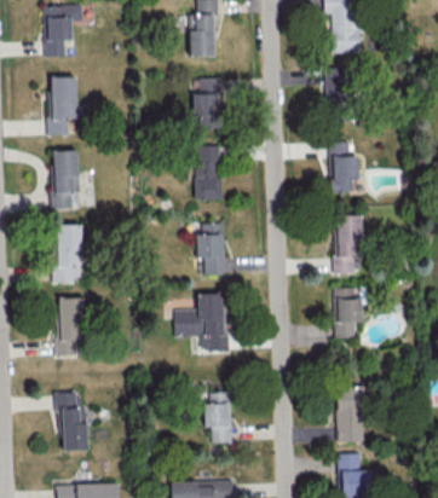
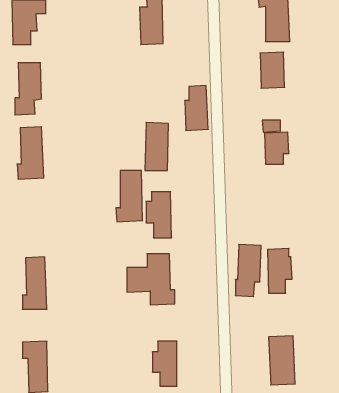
building: [195,77,221,128] -> [185,86,208,130]
building: [333,215,362,274] -> [235,244,261,297]
building: [52,225,82,283] -> [116,171,143,222]

